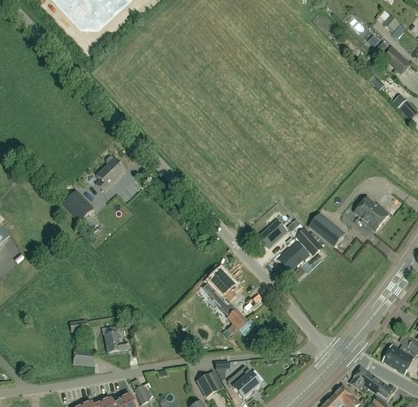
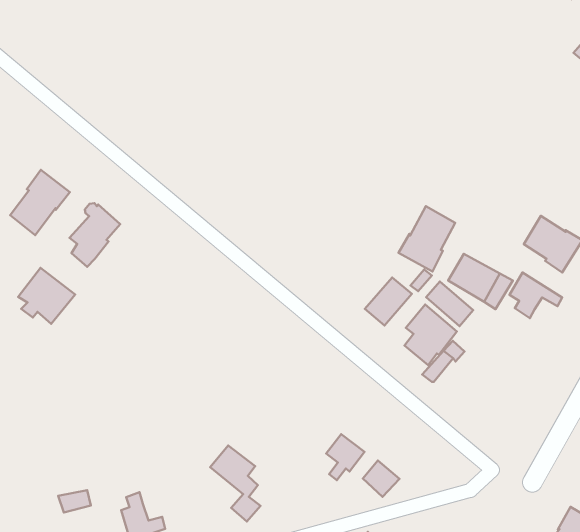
building: none -> [10,170,70,235]
building: none -> [398,206,455,272]
building: none -> [510,273,562,318]
building: [209,270,235,315] -> [210,445,261,521]

